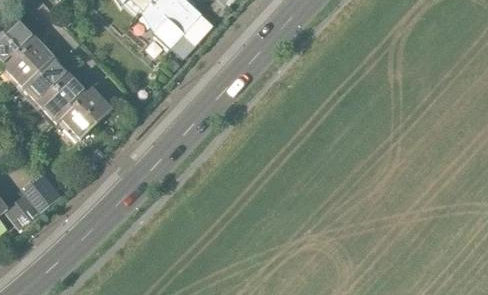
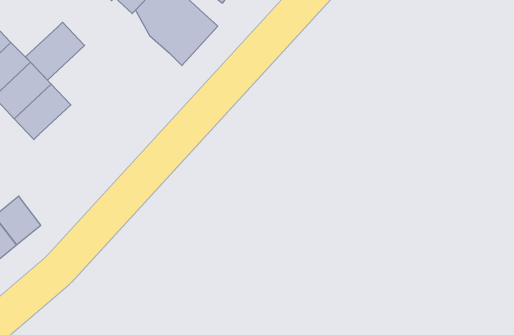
building: [60,89,111,139] -> [26,22,85,80]

